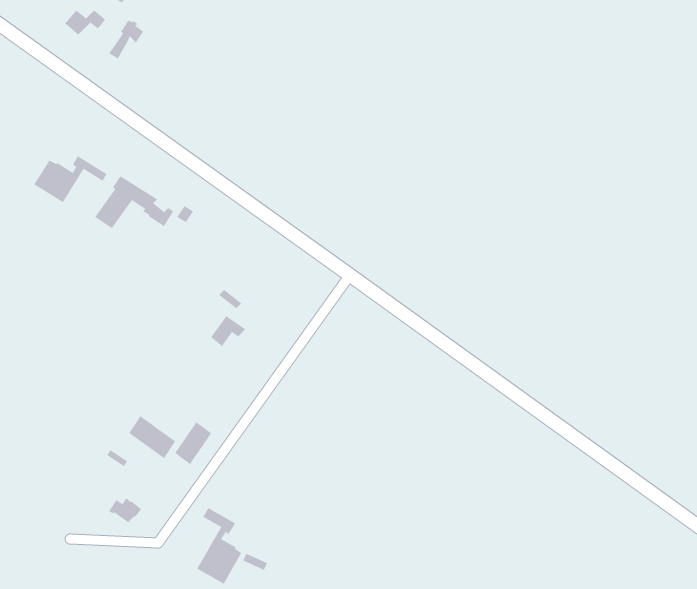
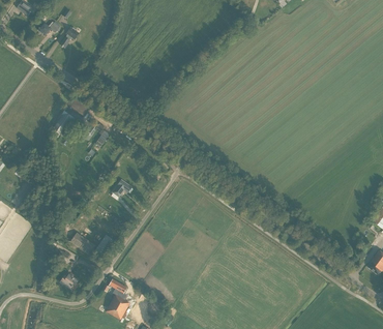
building: [33,155,107,203] -> none

